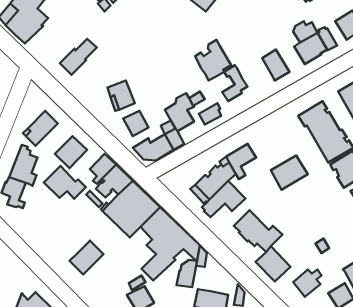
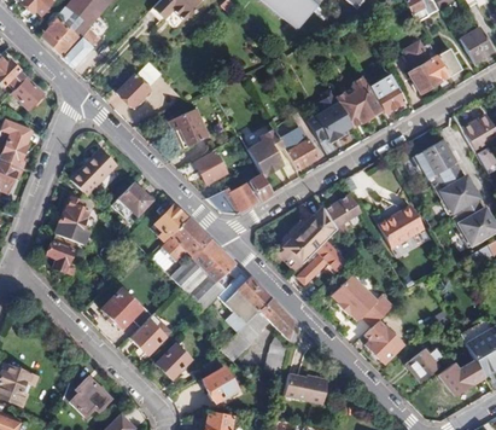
building: [195,40,231,81] -> [338,77,383,128]
building: [44,166,86,199] -> [103,286,154,327]
building: none -> [157,343,192,378]

